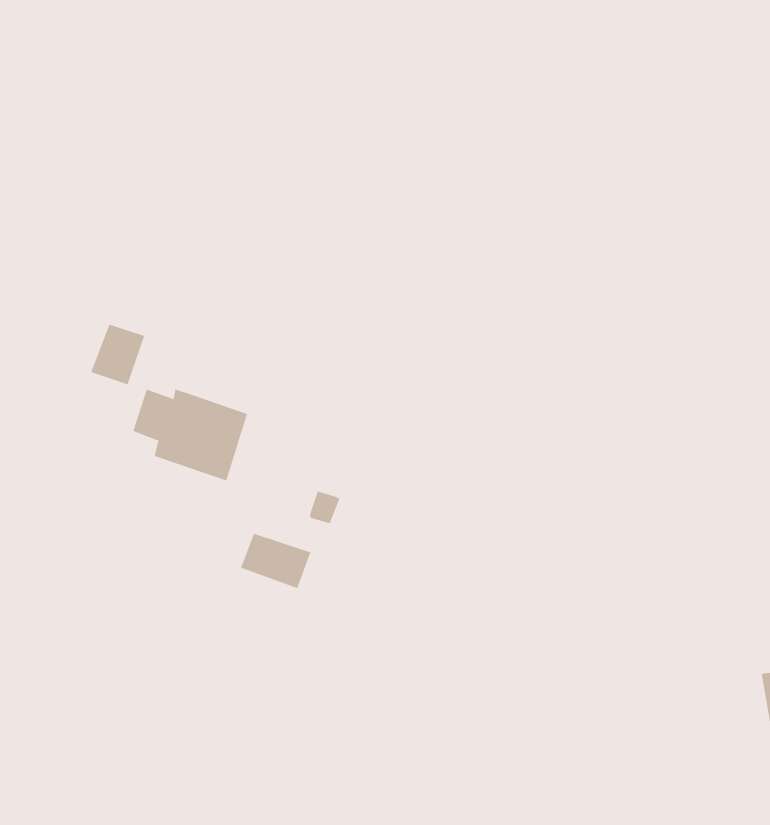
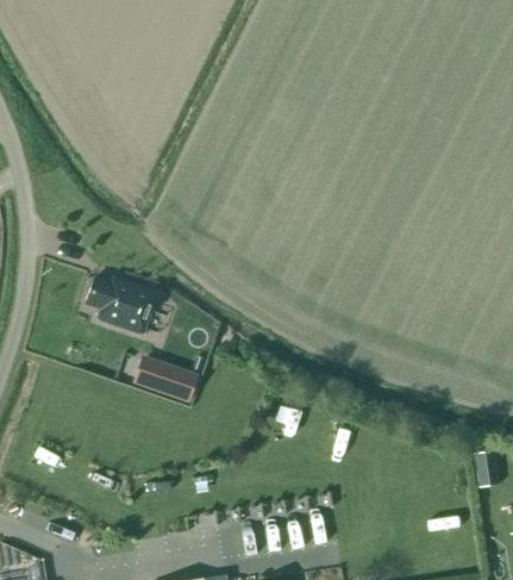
building: [91,324,145,385] -> none

